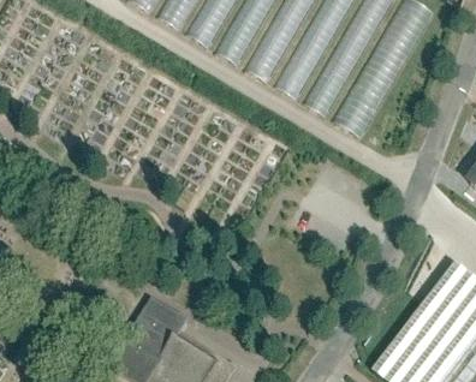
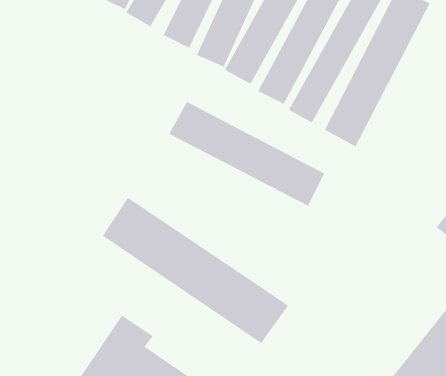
building: none -> [169,101,325,207]
building: none -> [102,197,289,344]

